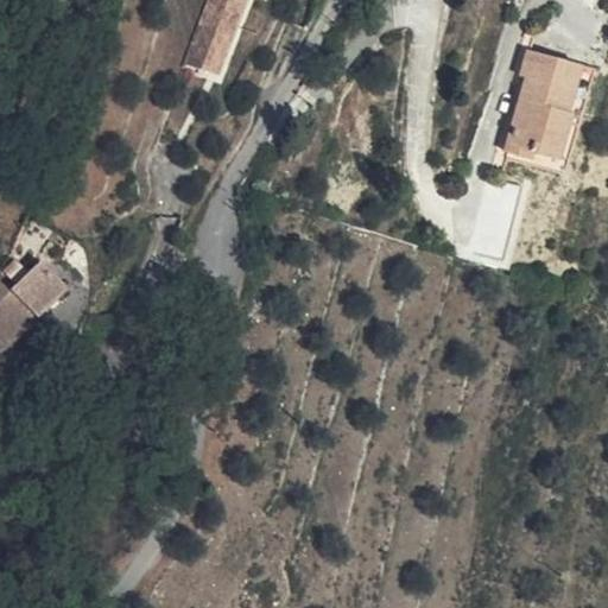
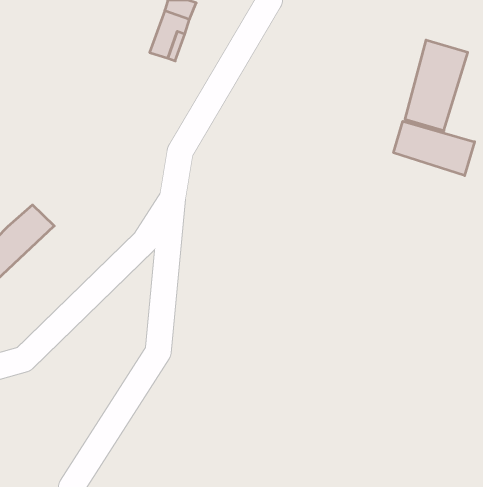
building: none -> [394,121,475,176]

